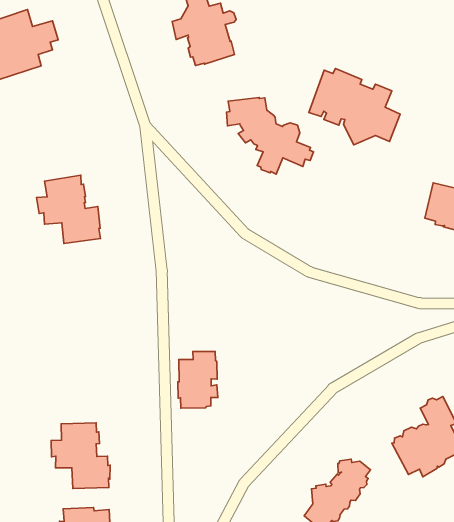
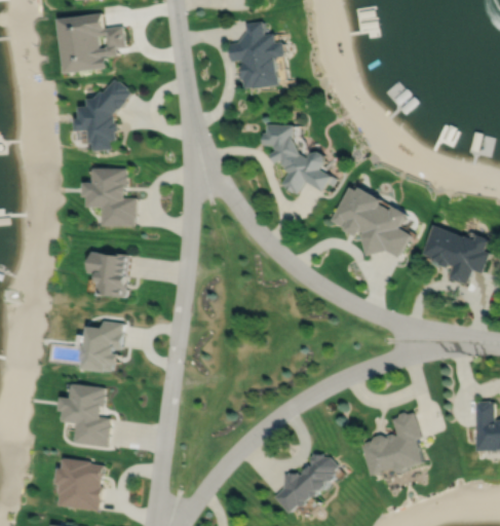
building: [309,68,400,145] -> [330,186,410,258]
building: none -> [75,78,130,150]
building: none -> [88,251,129,298]
building: [178,351,218,408] -> [83,321,122,372]

